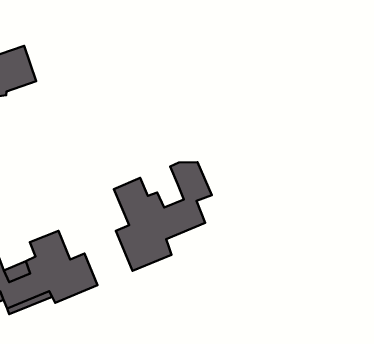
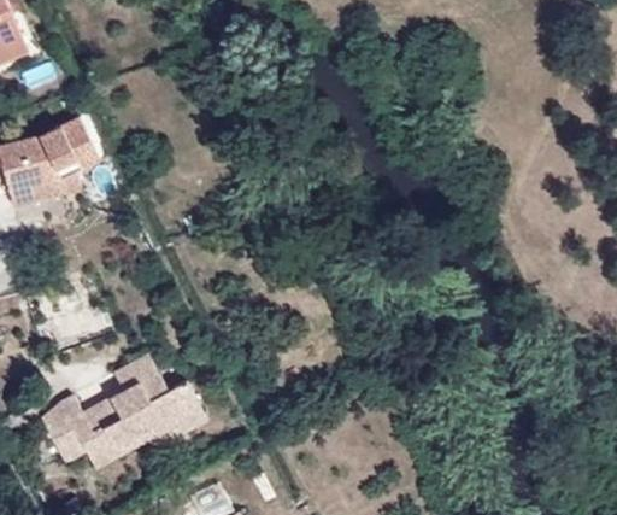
building: [114,162,212,271] -> none

